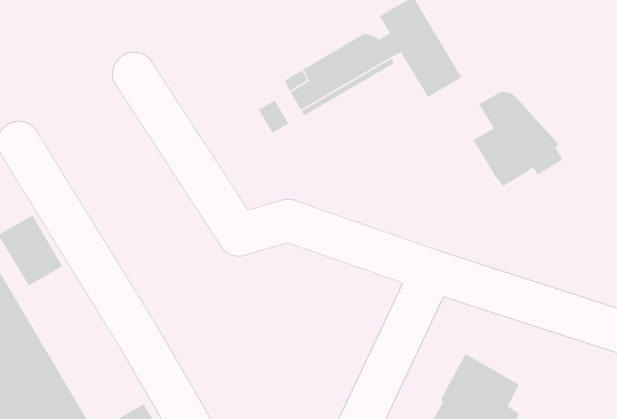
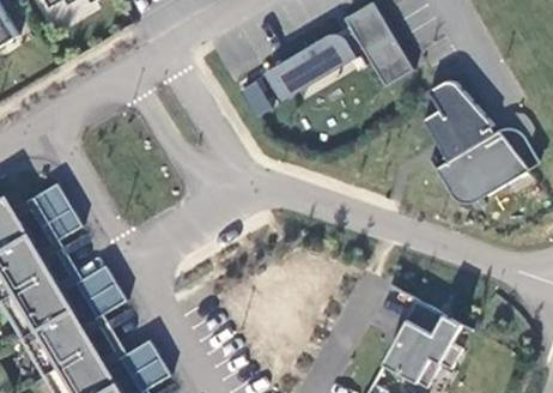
building: none -> [436,138,529,202]
building: none -> [75,265,126,319]

